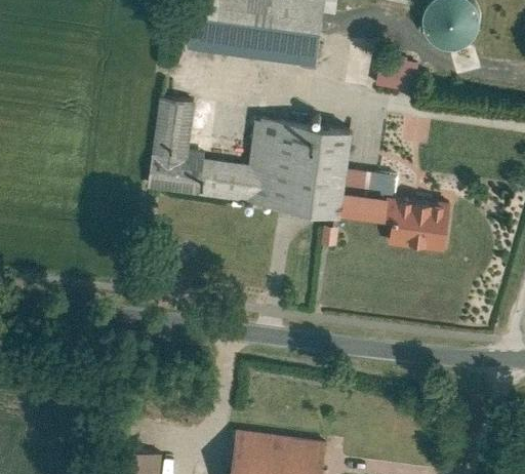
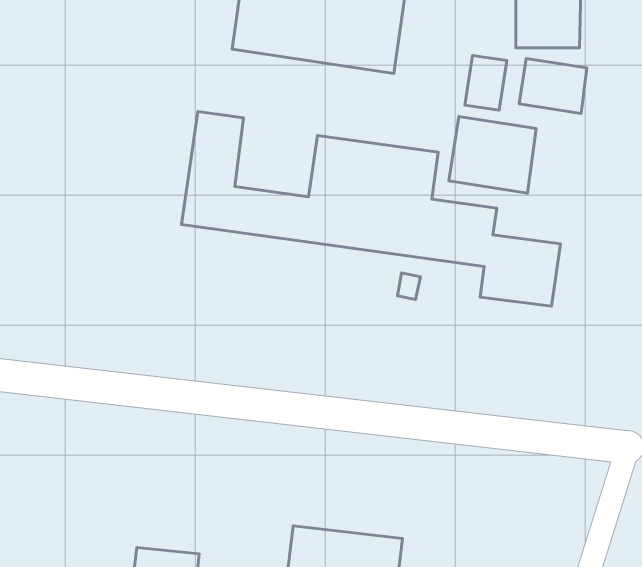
building: none -> [519,58,587,113]
building: none -> [449,116,536,193]

